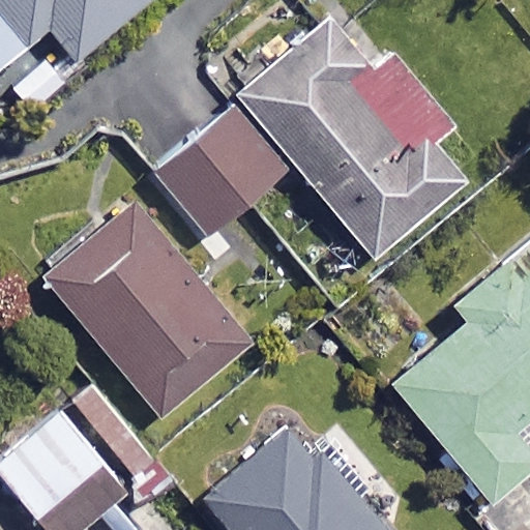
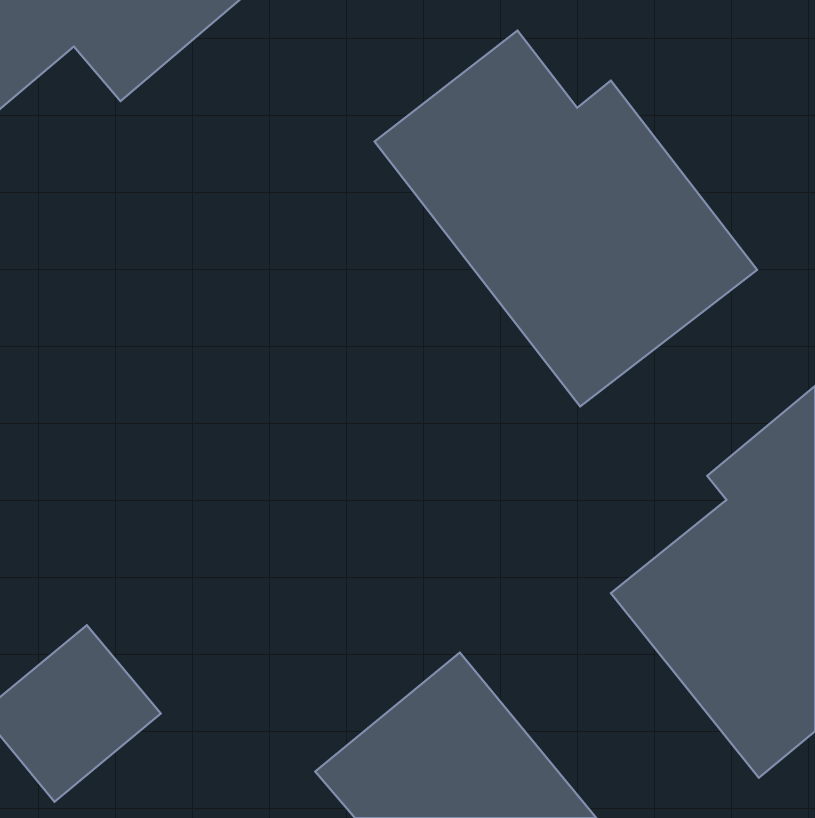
building: [154,111,284,236] -> none
building: [45,204,247,419] -> none

